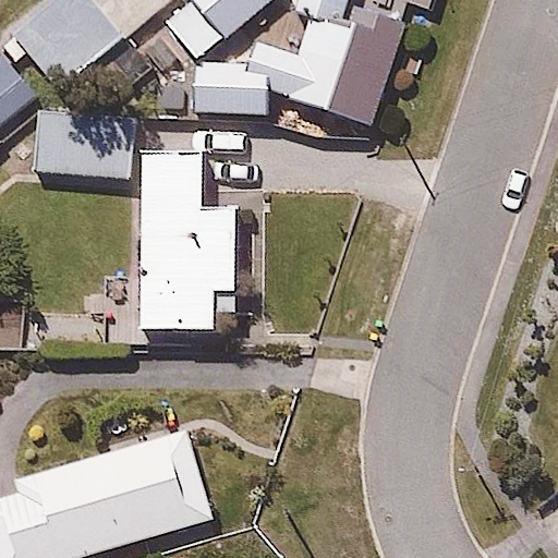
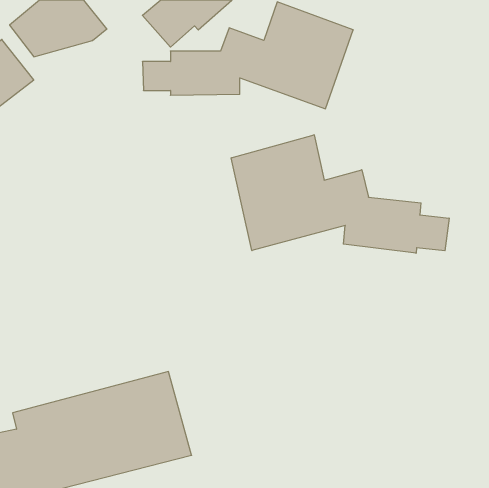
building: [136,141,239,336] -> none
building: none -> [231,135,449,253]

